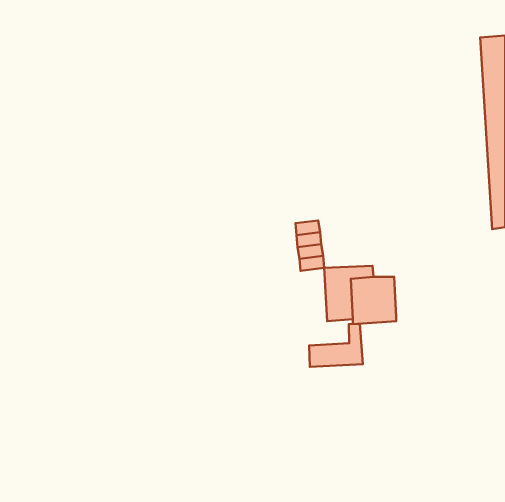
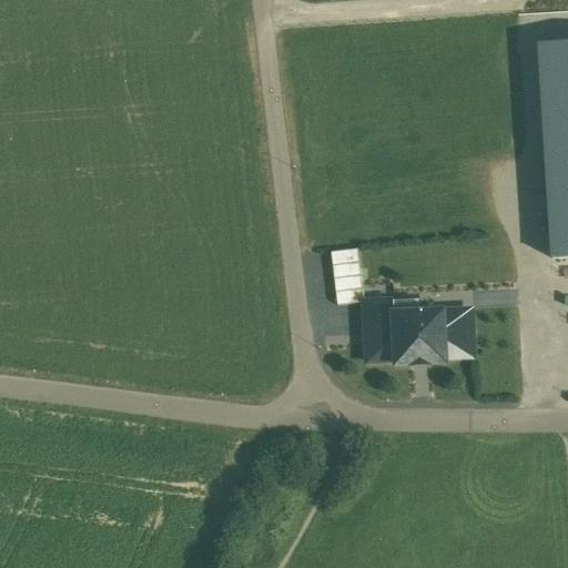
building: none -> [443,308,474,356]
building: [309,324,363,367] -> none

